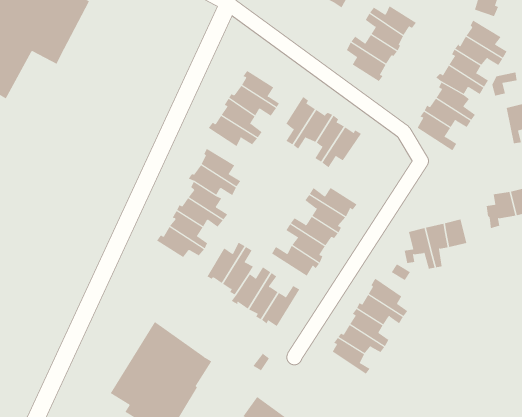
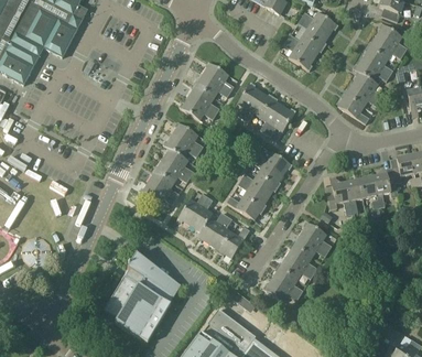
building: none -> [372,173,398,207]
building: none -> [263,277,300,302]

